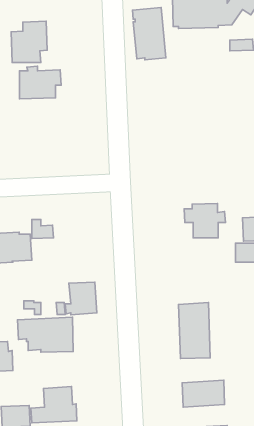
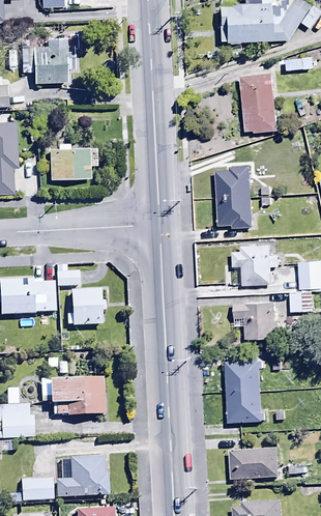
building: [132,7,166,60] -> [239,73,278,133]
building: [20,66,61,99] -> [49,143,96,180]
building: none -> [214,166,252,227]
building: none -> [233,303,279,339]
building: [65,282,97,315] -> [65,288,101,325]

